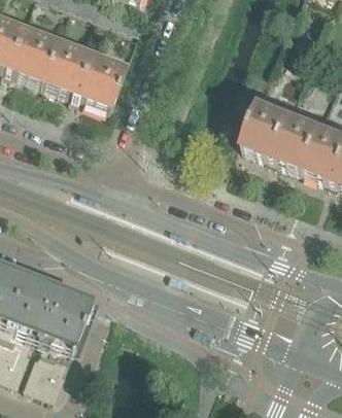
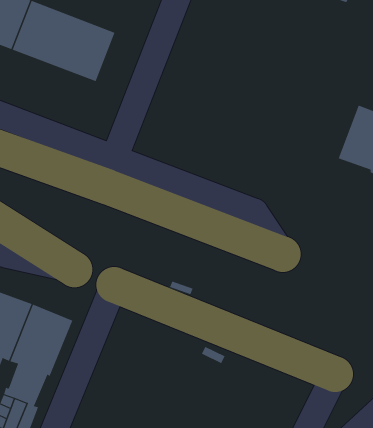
building: [241,101,323,168] -> none

